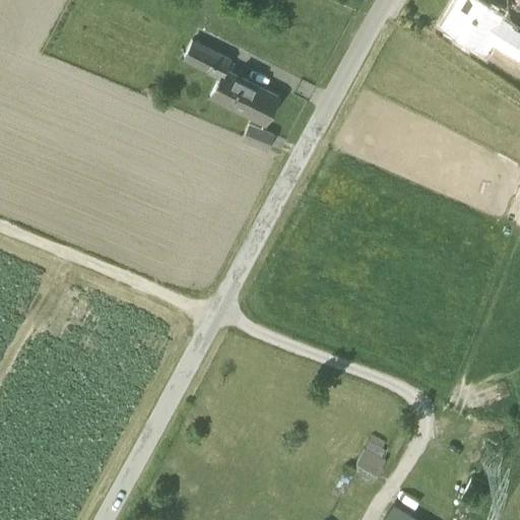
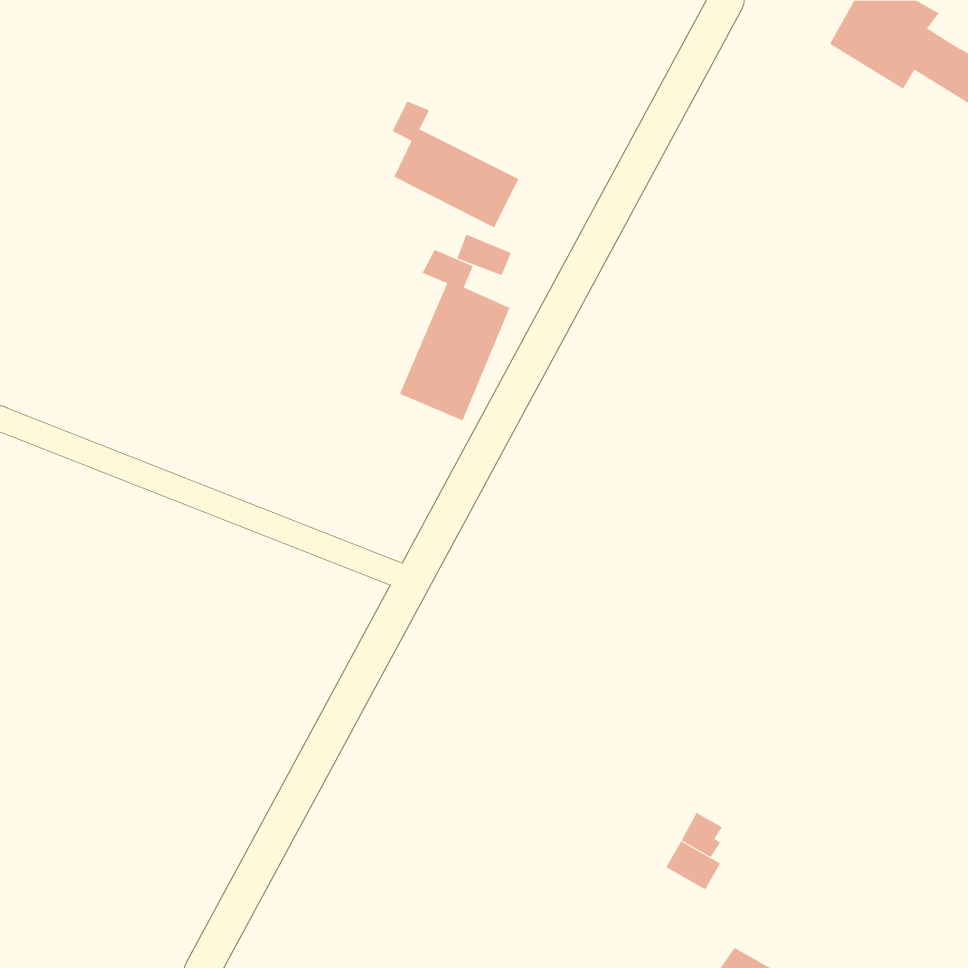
building: [186,43,219,72] -> none
building: none -> [399,249,510,421]

